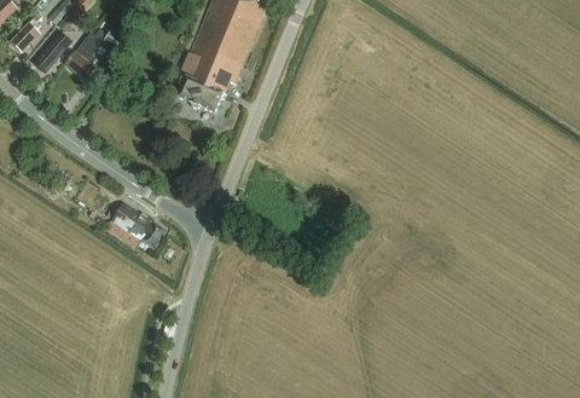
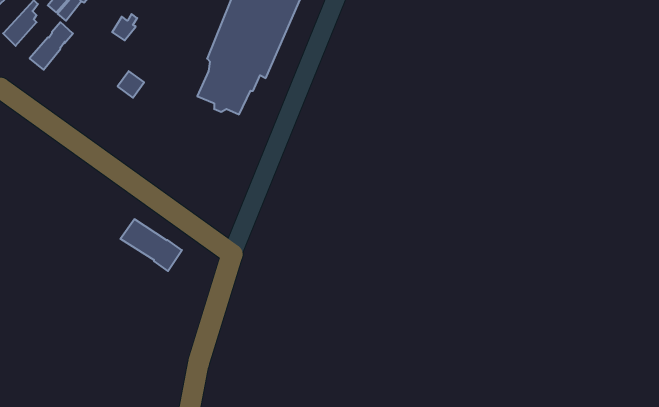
building: [64,28,104,76] -> none

